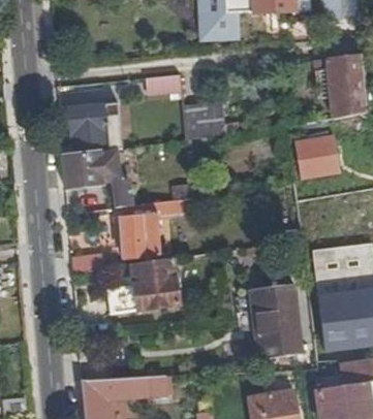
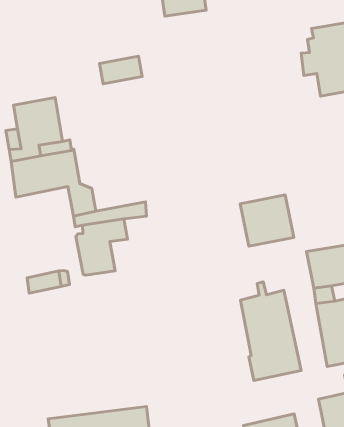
building: [183,99,226,138] -> none
building: [294,137,339,180] -> [240,195,294,246]
building: [112,257,179,313] -> none

